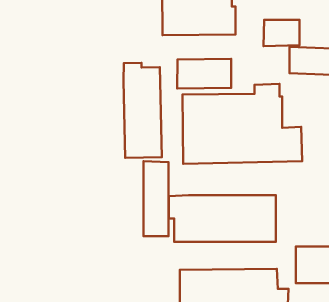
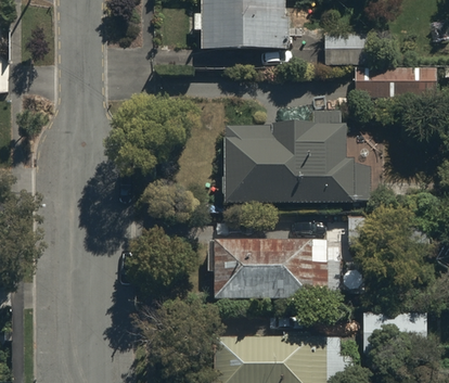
building: [177,59,231,88] -> none
building: [123,63,162,158] -> none
building: [143,161,169,236] -> none

